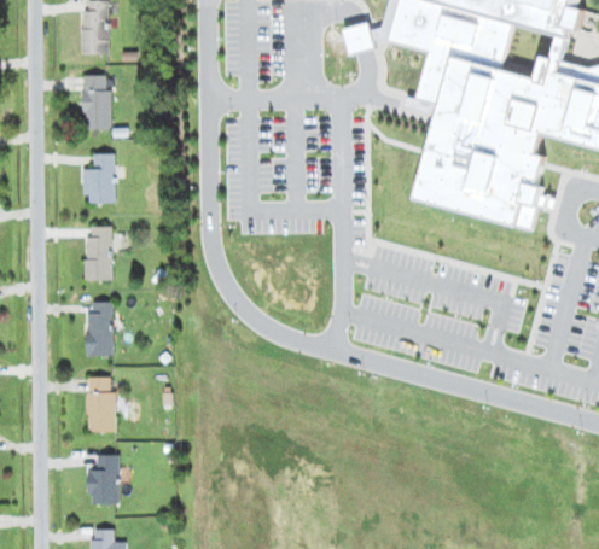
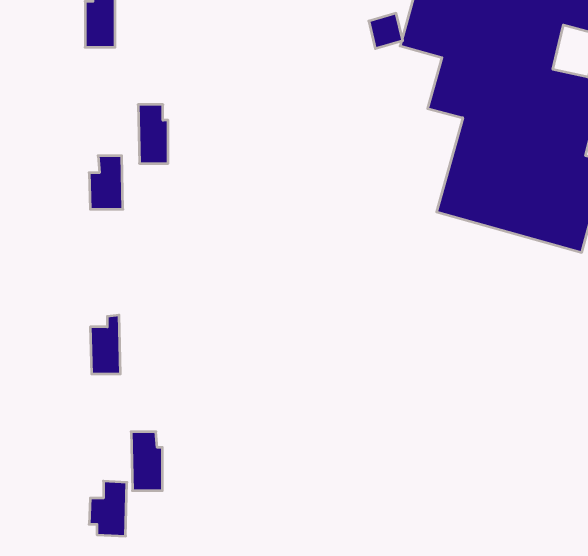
building: [83,74,111,128] -> [138,105,168,163]
building: [85,224,112,279] -> none
building: [87,375,116,430] -> [131,432,162,491]

